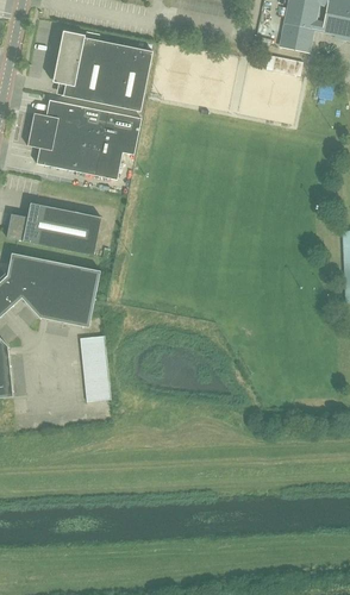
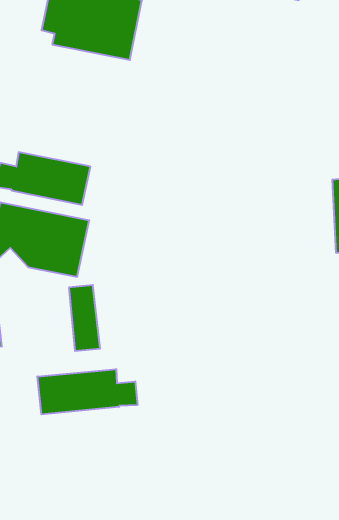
building: [27,99,140,178] -> none
building: none -> [37,369,137,414]

